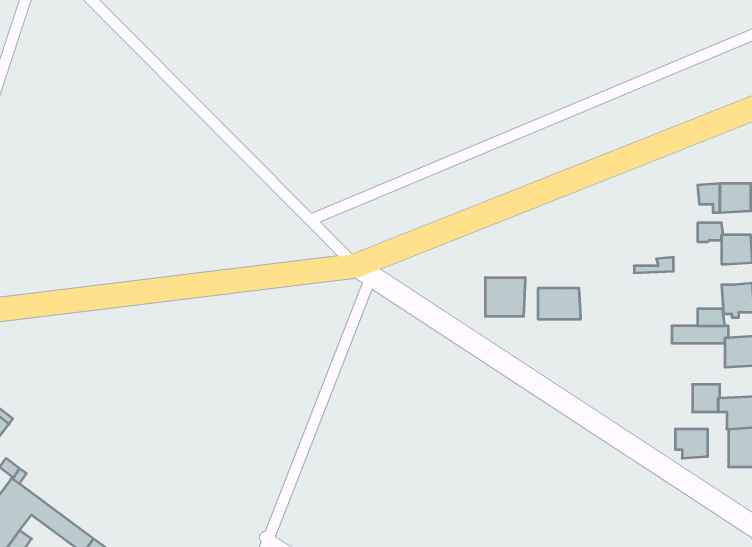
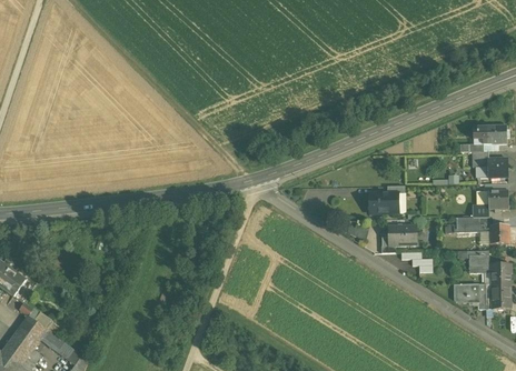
building: [485,277,525,316] -> none
building: none -> [387,224,416,244]

